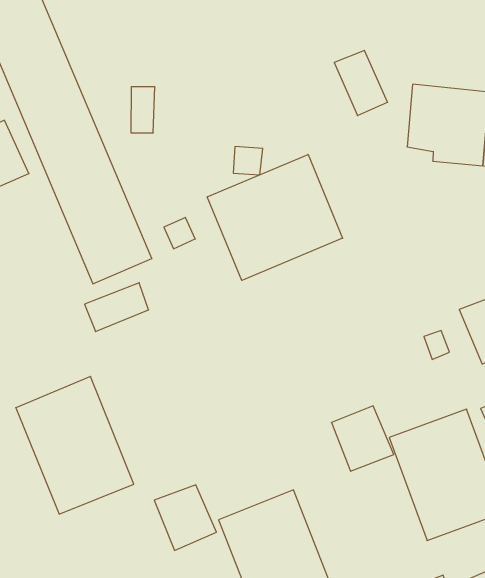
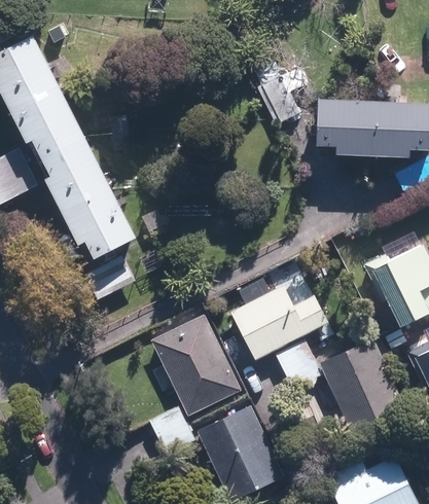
building: [207,154,343,280] -> none
building: none -> [231,284,329,359]
building: [16,376,134,514] -> [149,313,240,416]

